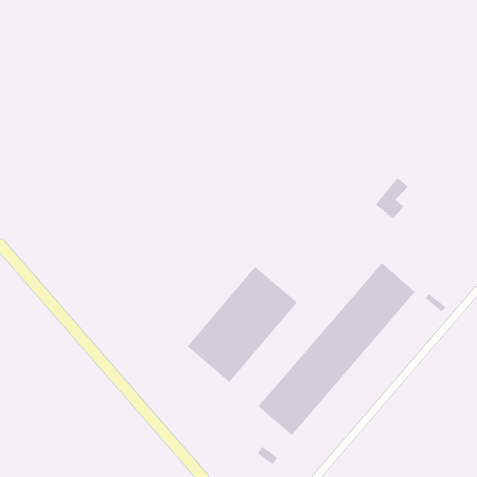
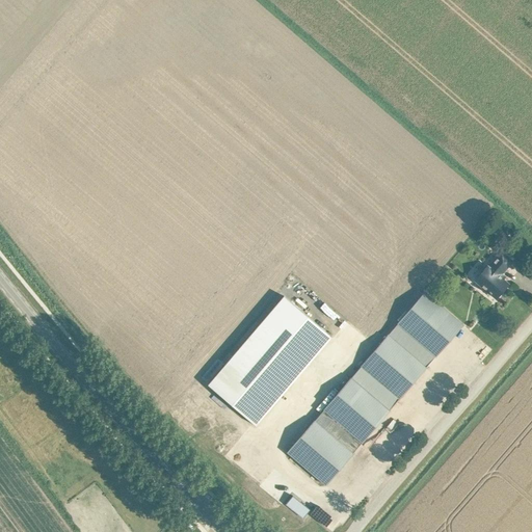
building: [375,177,408,219] -> [475,251,512,298]

